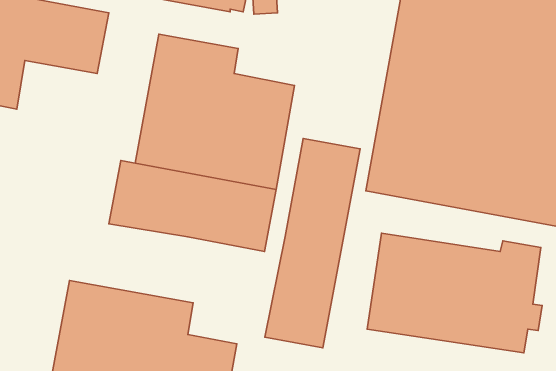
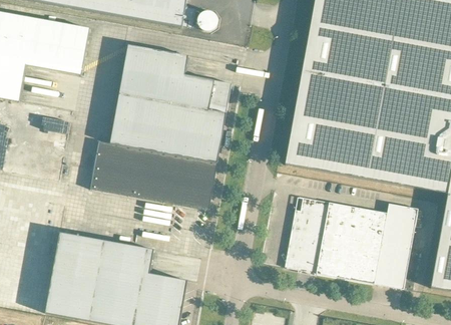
building: [265,139,360,348] -> none

